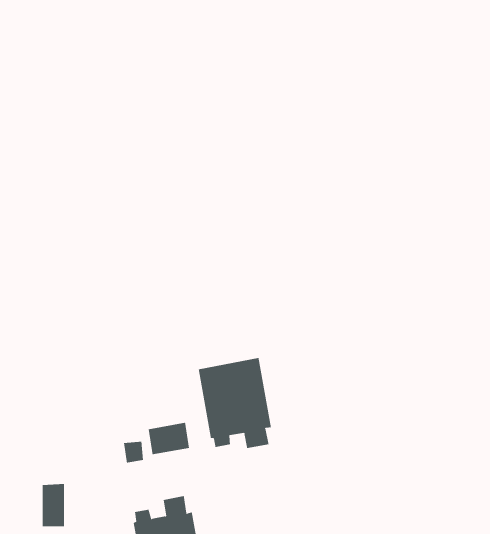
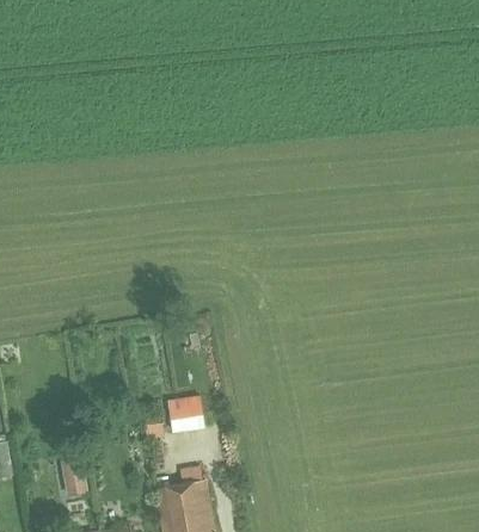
building: [198,357,271,449] -> none

